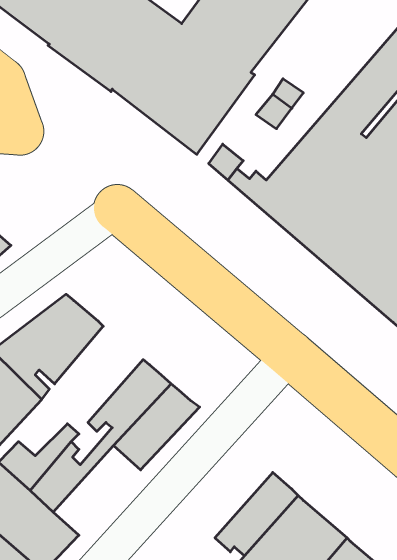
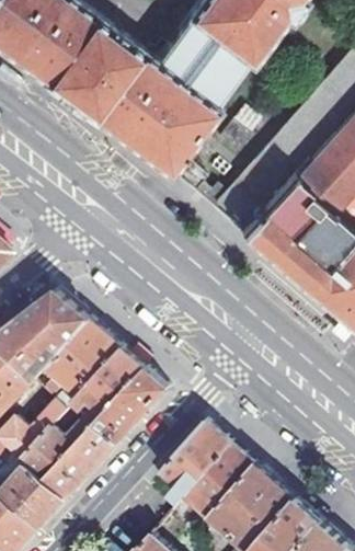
building: none -> [48,319,124,411]
building: none -> [47,421,122,497]
building: none -> [168,423,234,502]

